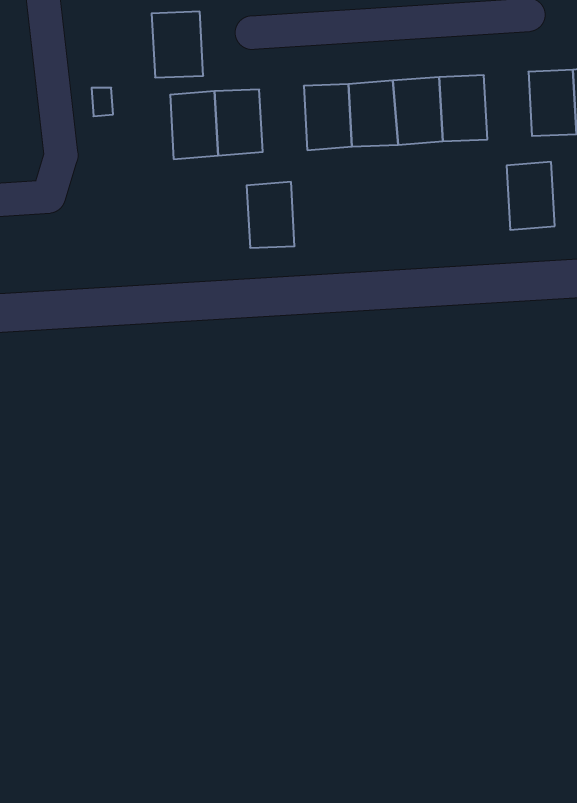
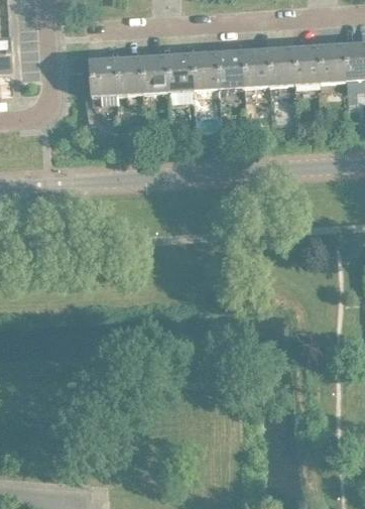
building: [152,12,203,77] -> [89,57,118,95]
building: [507,162,555,230] -> [293,44,321,83]
building: [247,182,295,248] -> [166,52,194,90]

